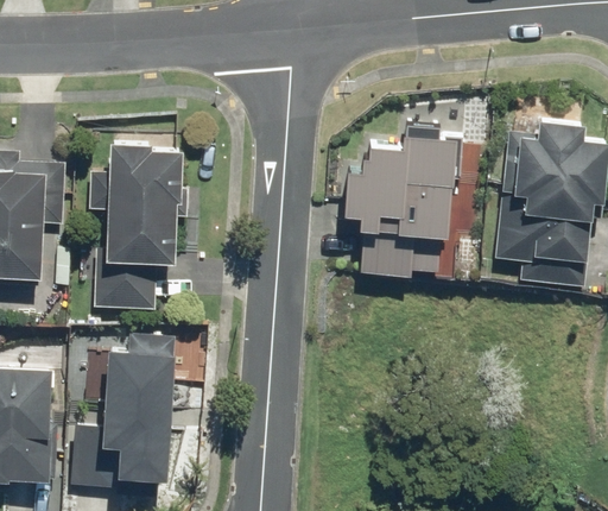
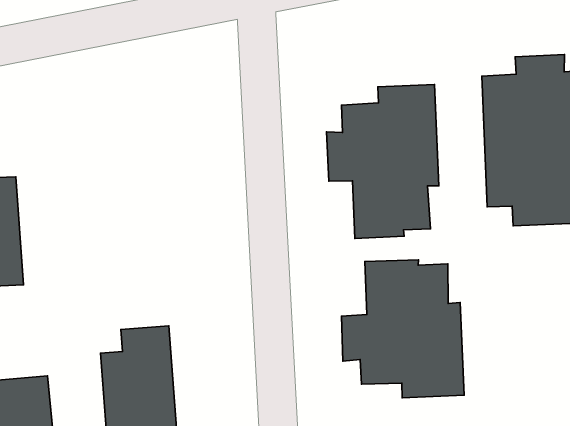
building: [87,140,179,314] -> none
building: none -> [341,260,464,398]

